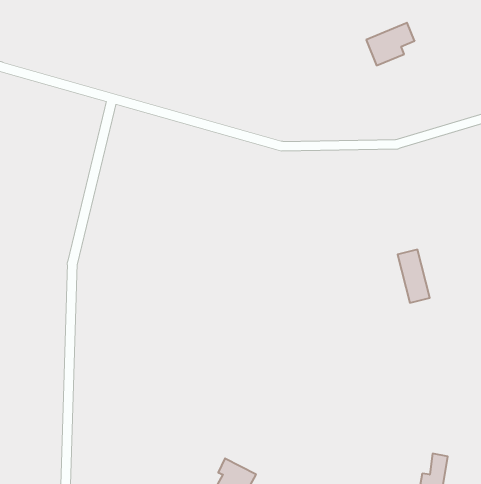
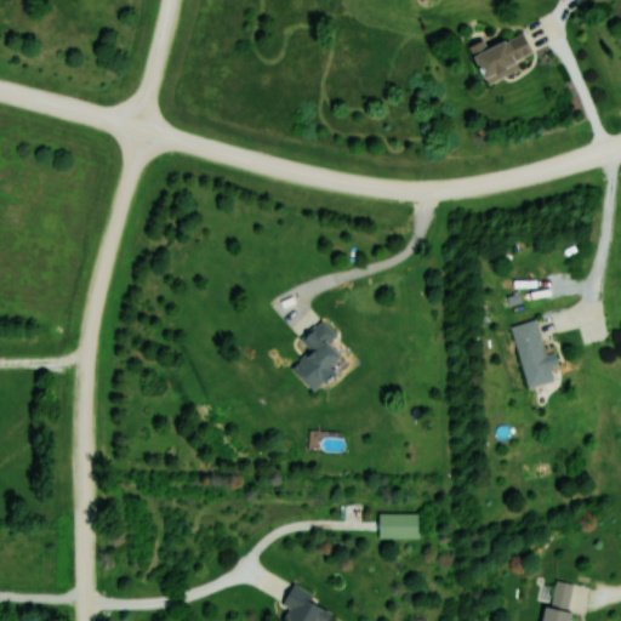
building: none -> [292,319,343,392]
building: none -> [380,514,423,539]

